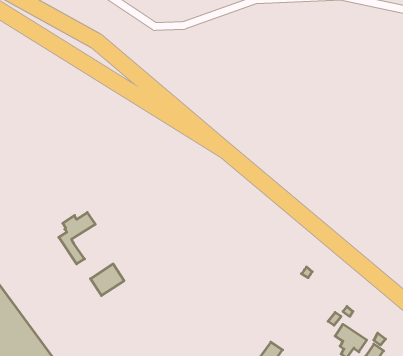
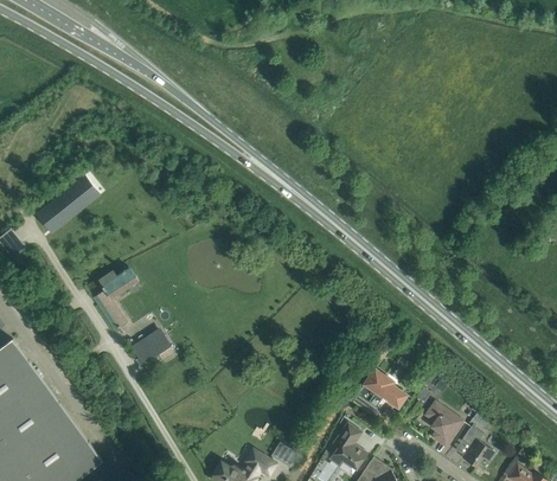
building: none -> [40,173,101,227]
building: none -> [353,367,408,417]

